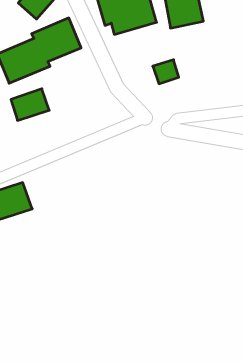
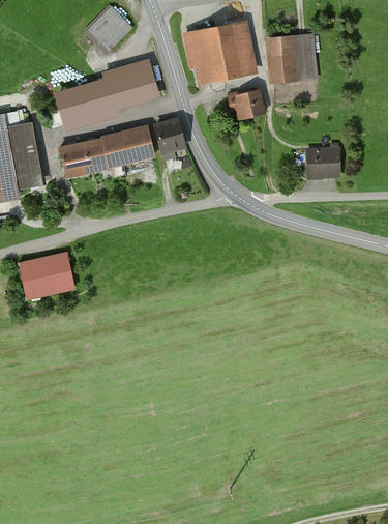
building: [153,60,179,84] -> [236,91,267,119]
building: none -> [156,122,185,152]
building: none -> [306,147,337,177]
building: none -> [102,130,156,168]

